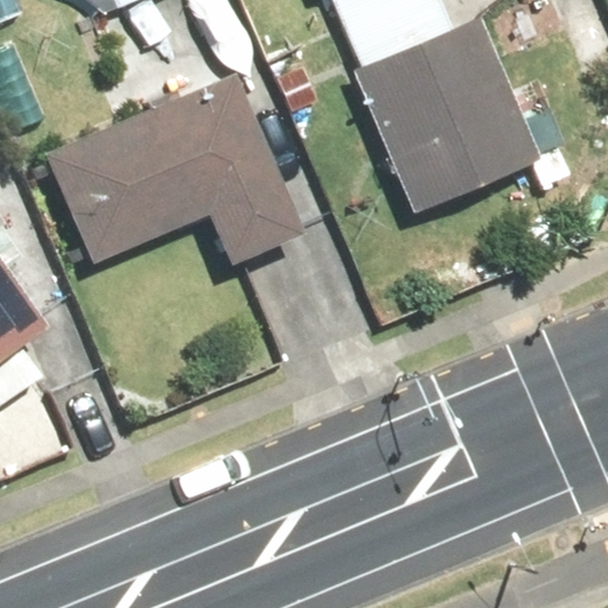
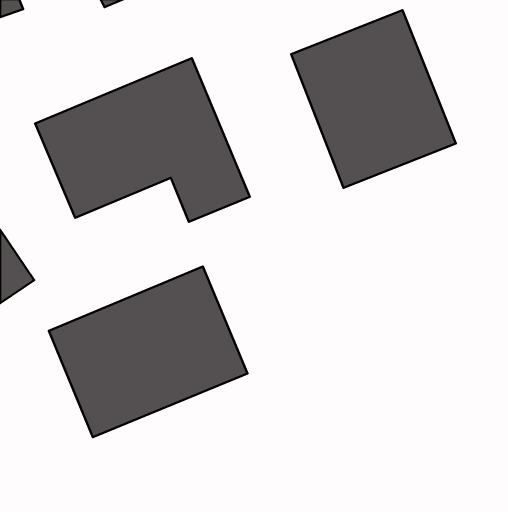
building: none -> [49,266,247,437]

